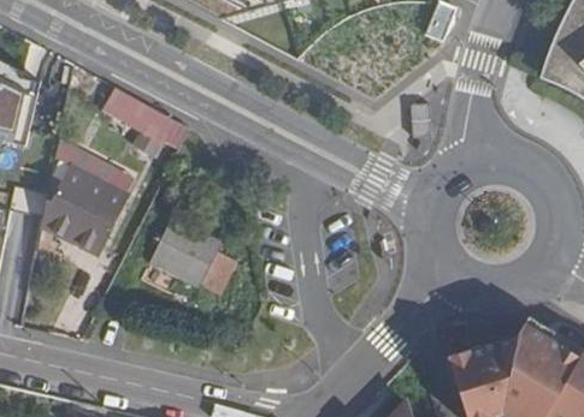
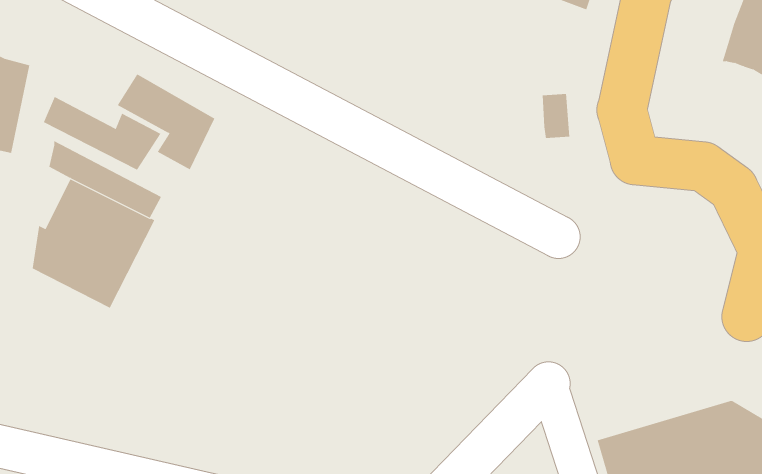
building: none -> [43,96,161,171]
building: [151,216,242,294] -> none

